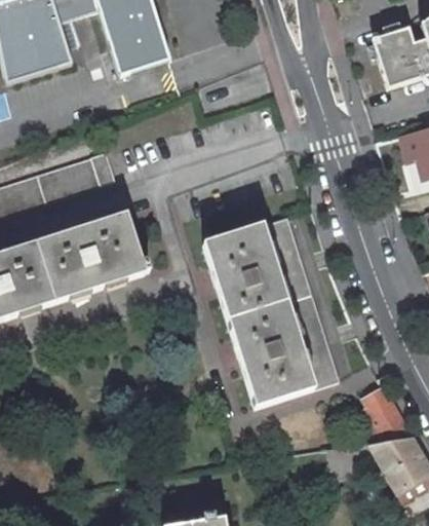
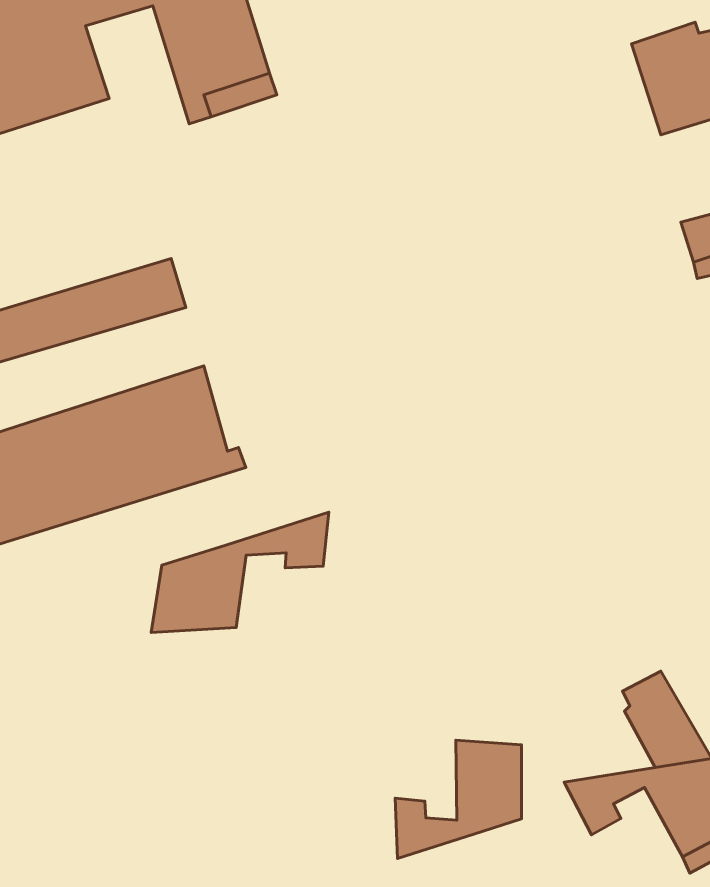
building: [204,216,341,407] -> none
building: none -> [151,512,329,632]
building: none -> [395,740,521,858]

